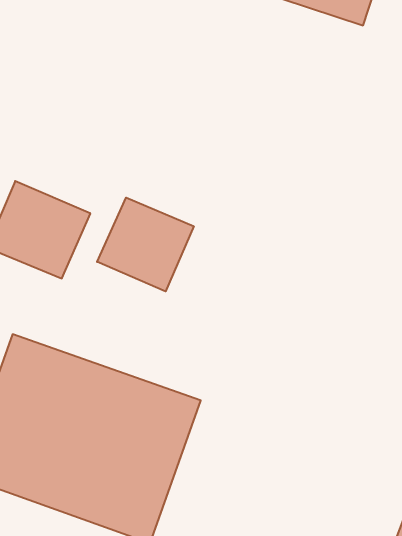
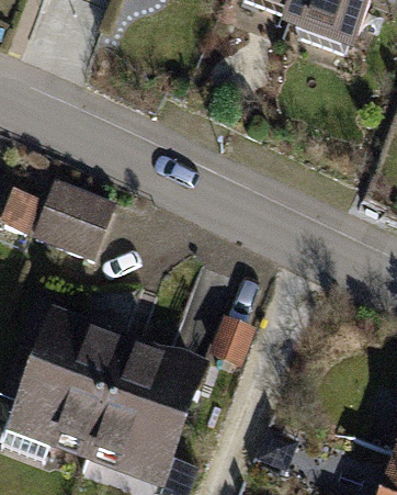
building: [97,198,194,291] -> none

